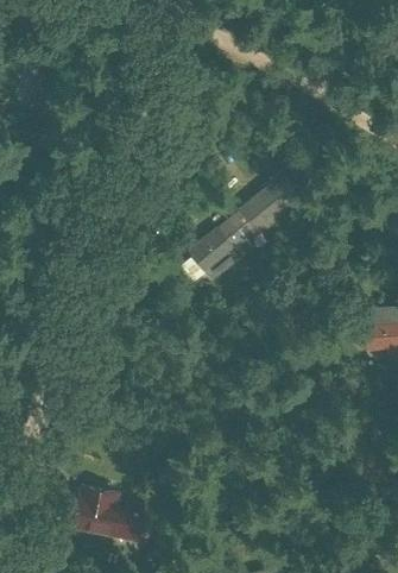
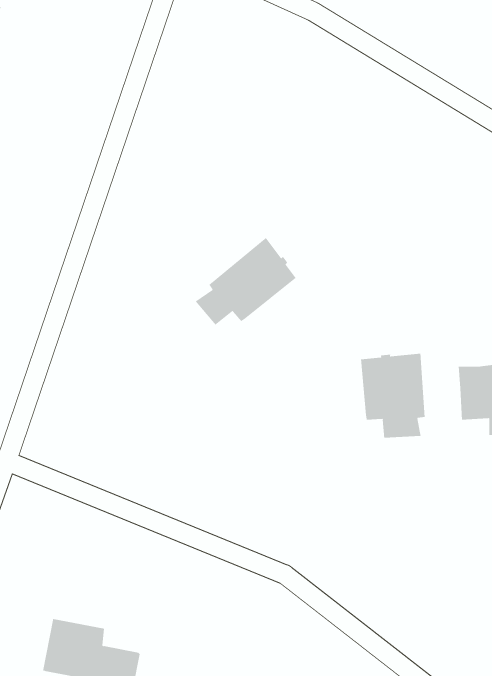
building: [222,183,292,251] -> none
building: none -> [361,353,425,438]

